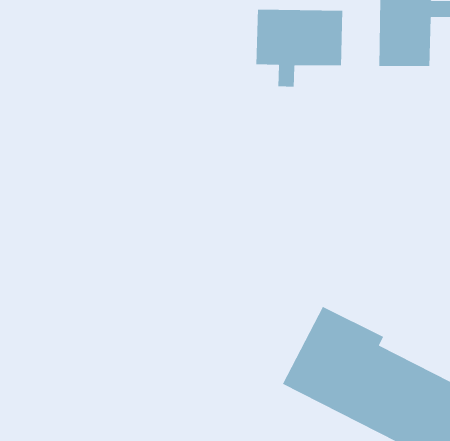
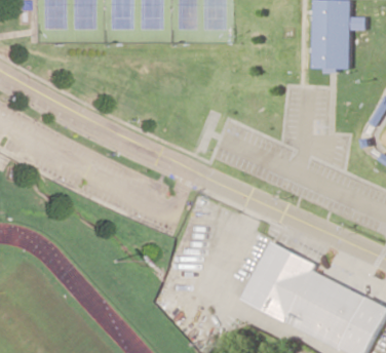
building: [255,9,343,87] -> none

